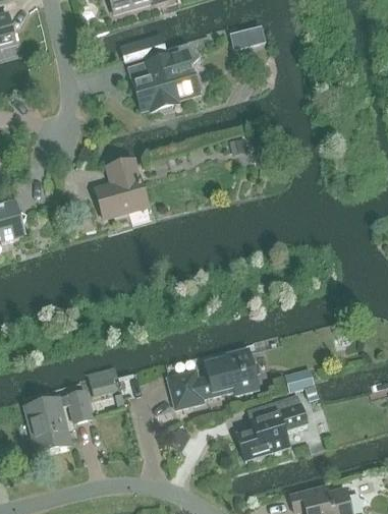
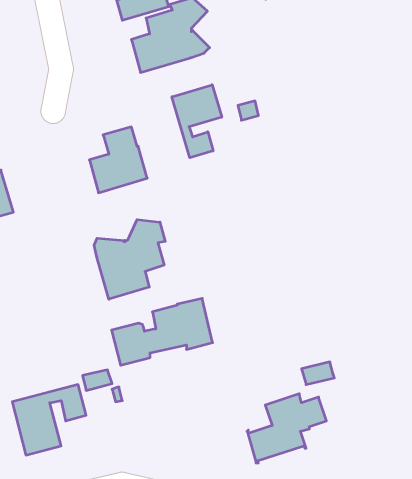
building: none -> [172,85,222,158]
building: none -> [94,220,165,299]
building: [167,348,258,408] -> [112,298,213,365]

